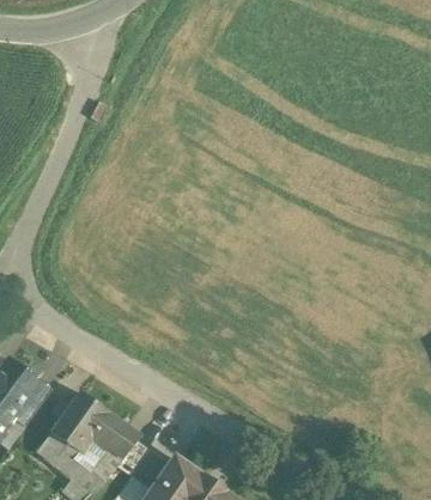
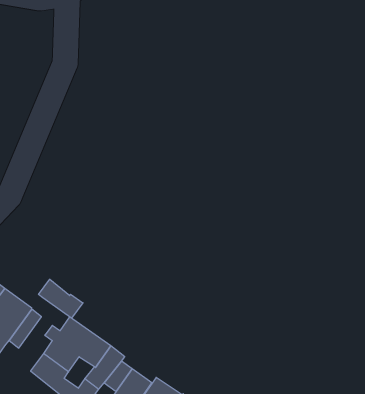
building: none -> [39,279,83,318]

